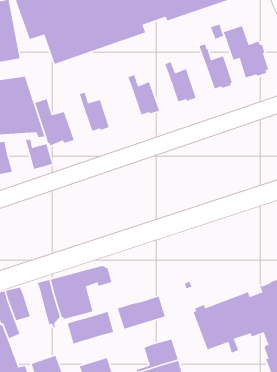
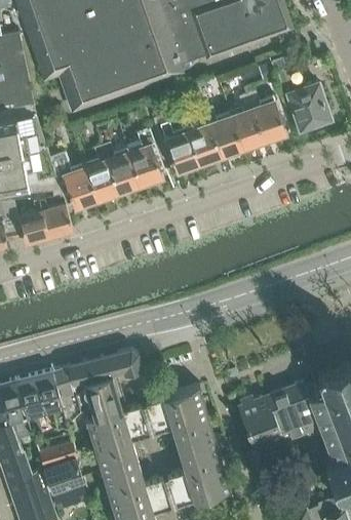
building: none -> [230,95,263,152]
building: none -> [186,111,220,167]
building: none -> [127,130,164,187]
building: none -> [84,147,117,202]
building: none -> [16,201,47,243]
building: none -> [32,371,67,430]
building: none -> [155,412,212,448]
building: none -> [94,431,146,471]
building: none -> [38,442,74,468]

